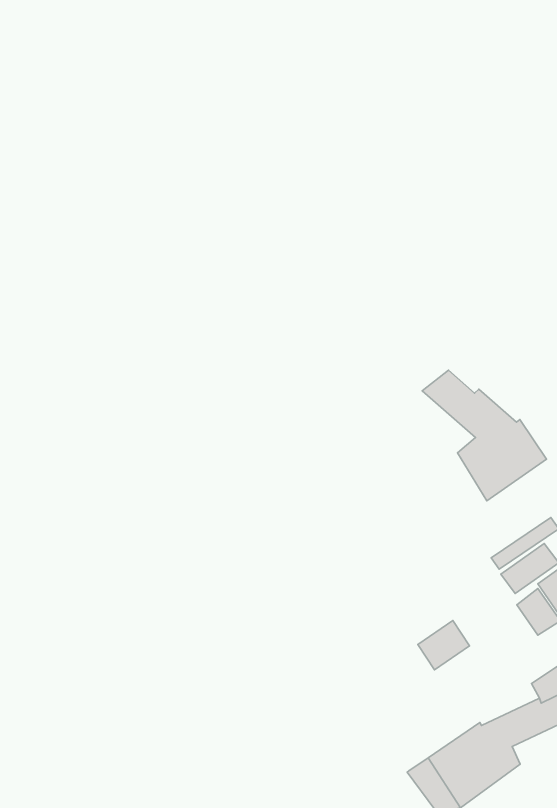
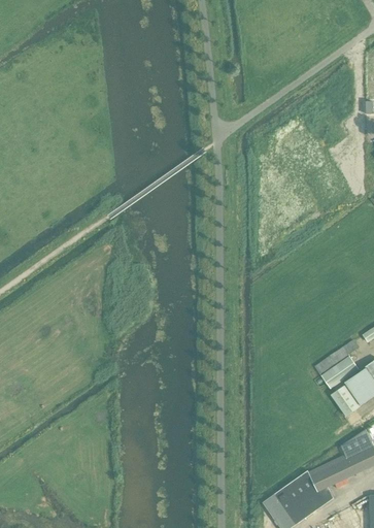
building: [422,370,547,501] -> none
building: [418,621,469,670] -> none

